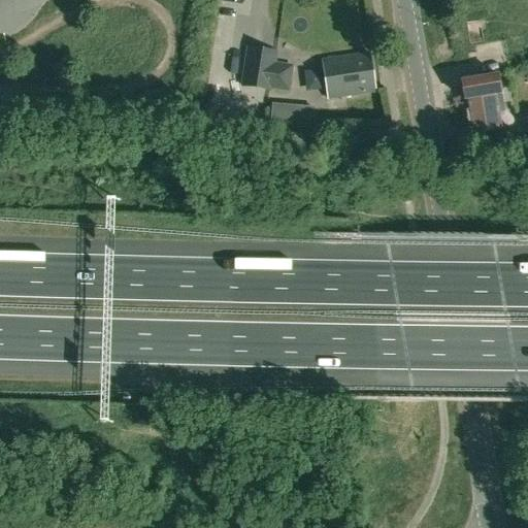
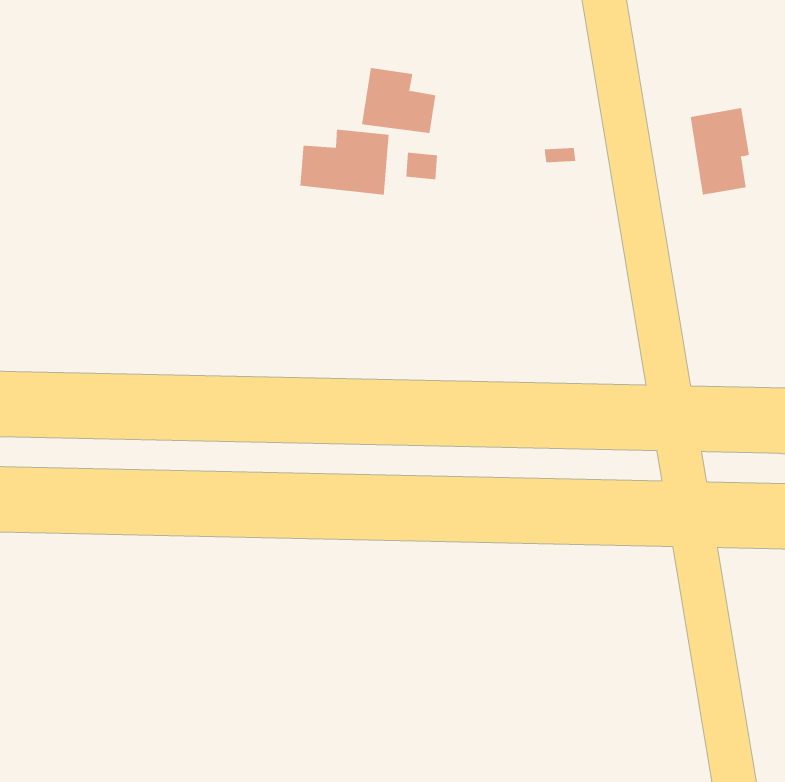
building: [323,51,375,97] -> none
building: none -> [300,129,389,195]

